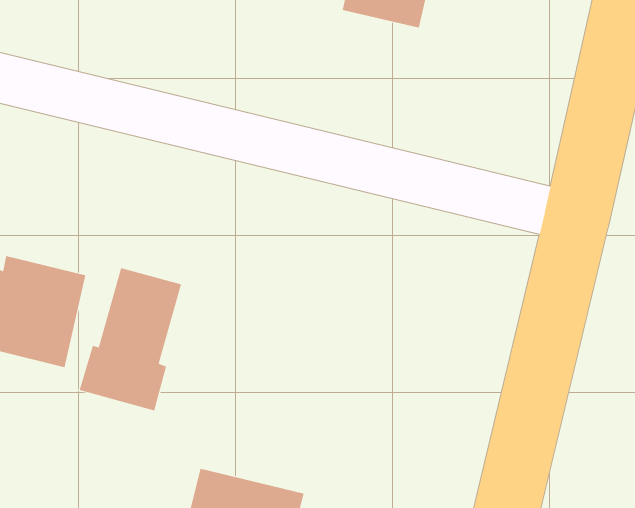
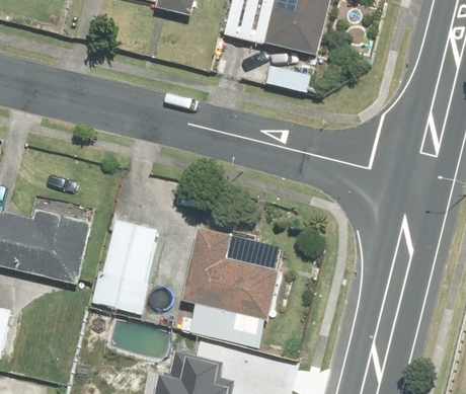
building: none -> [182,227,279,320]

